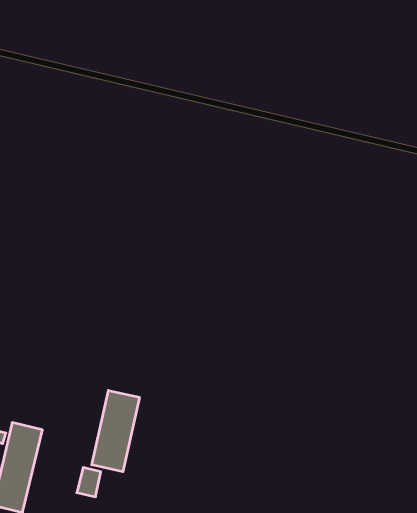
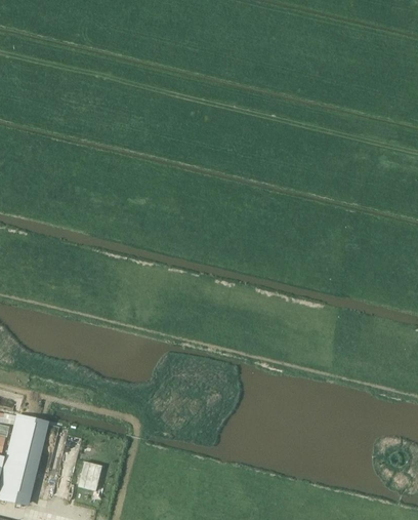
building: [92,390,139,472] -> none

